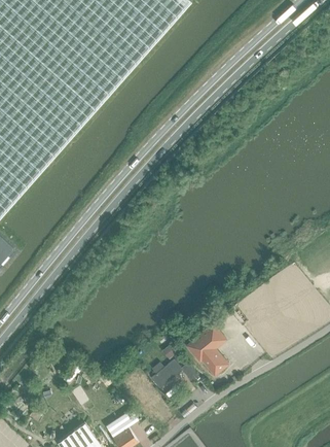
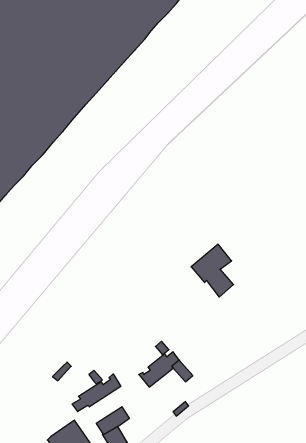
building: [187,323,229,376] -> [191,244,234,297]
building: none -> [72,374,121,412]

